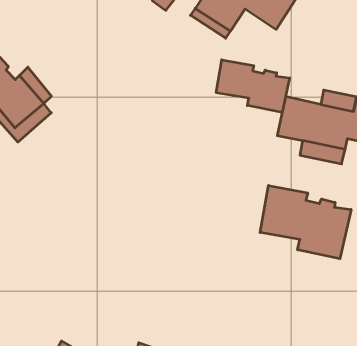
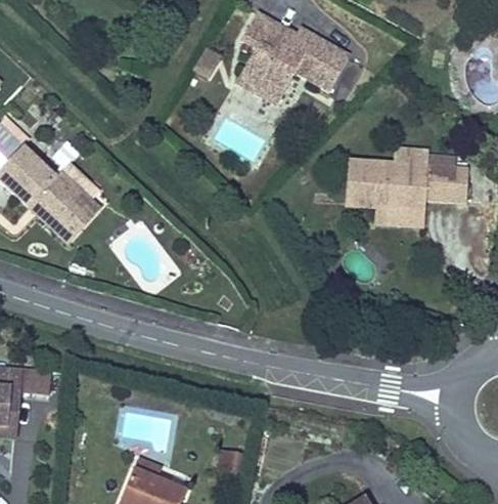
building: [216,60,290,112] -> none
building: [260,185,351,259] -> none

